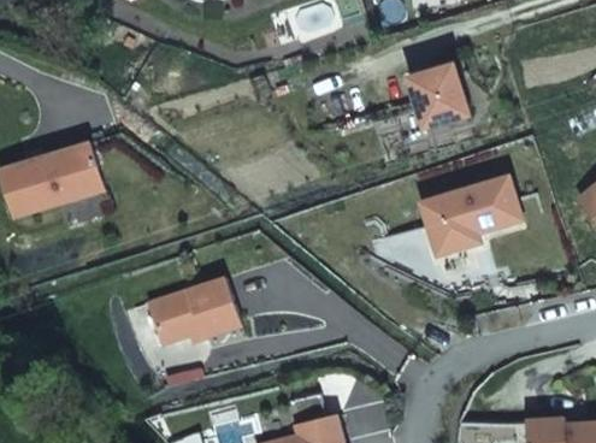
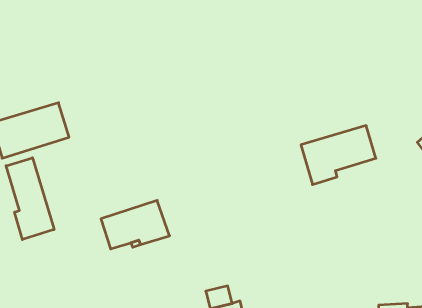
building: [407,61,470,128] -> none
building: none -> [6,158,54,240]

